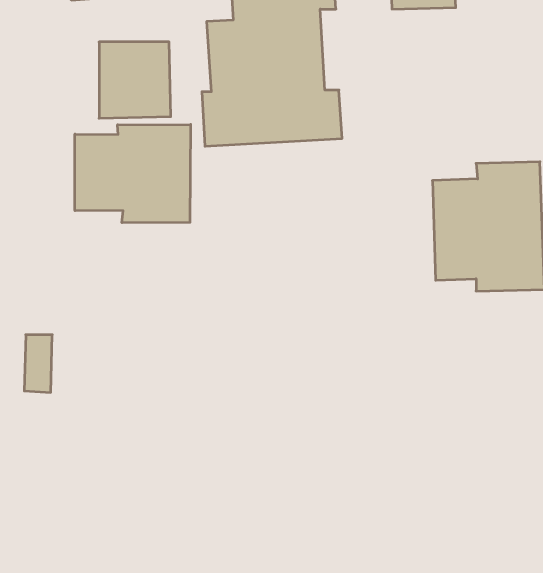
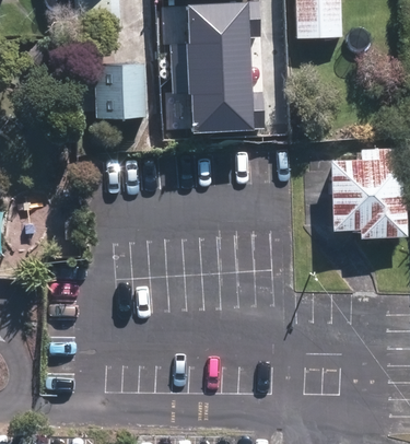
building: [75,124,191,223] -> none

